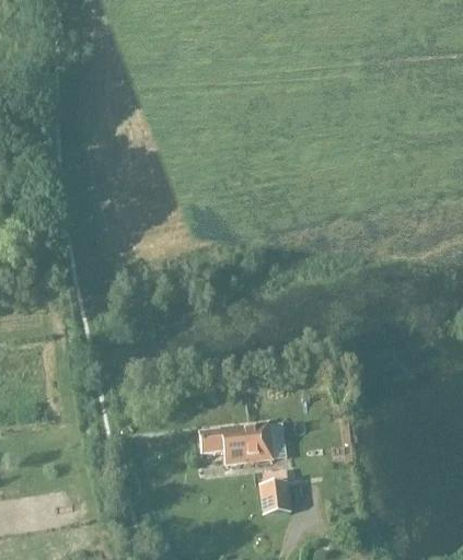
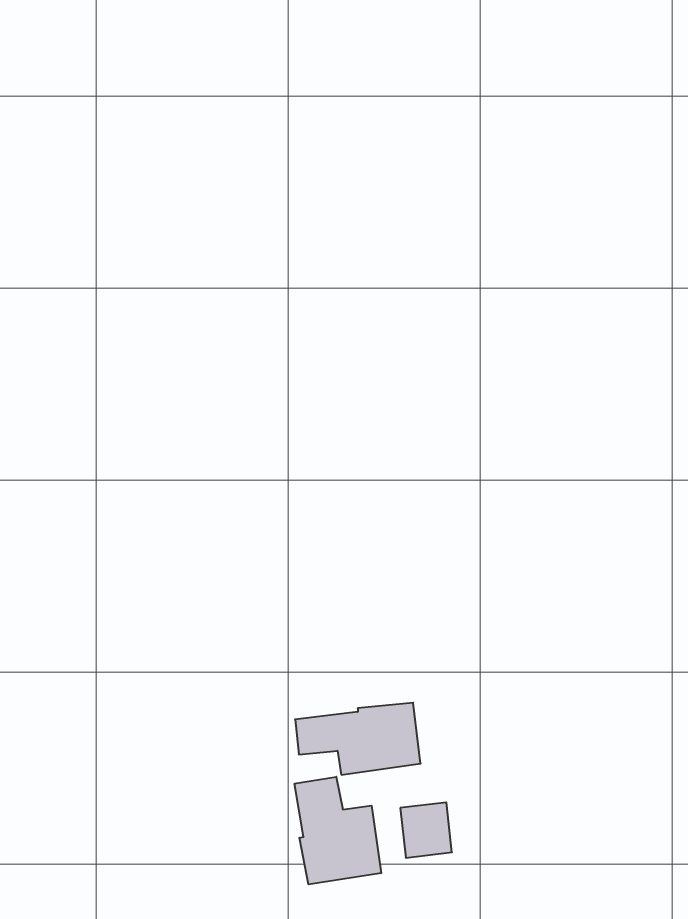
building: none -> [295,777,381,884]

